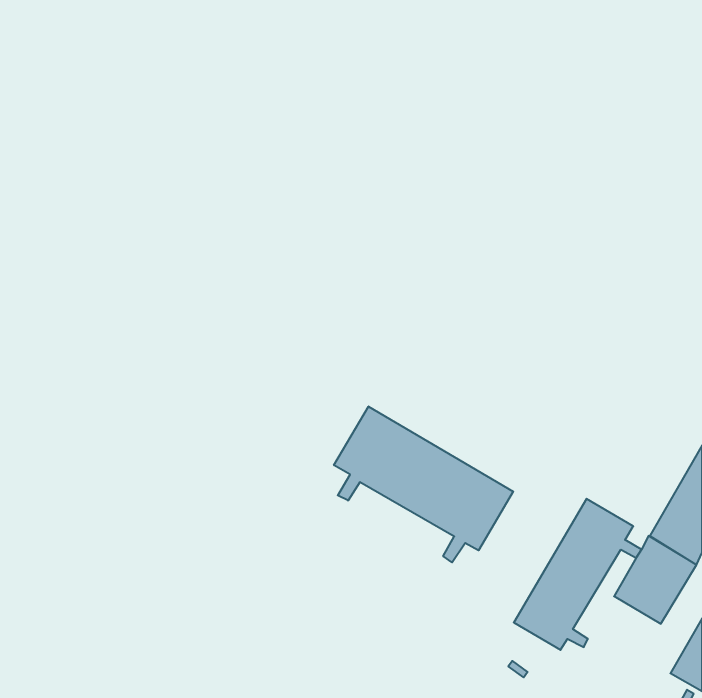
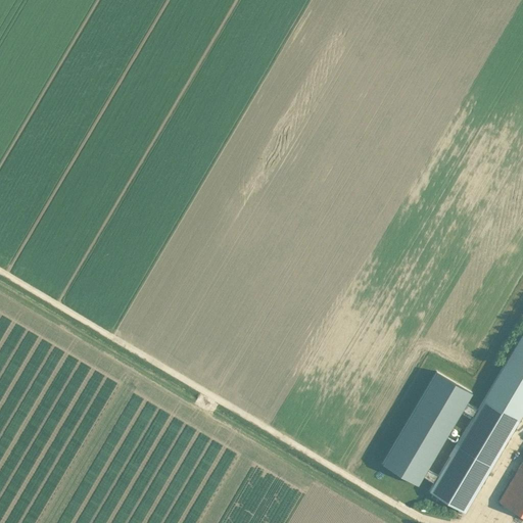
building: [334,406,513,562] -> none
building: none -> [429,446,491,514]

